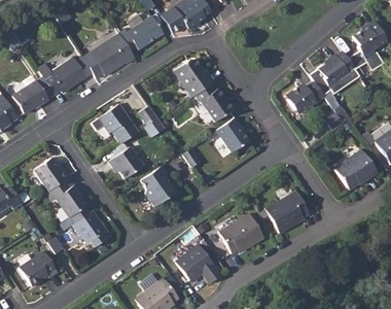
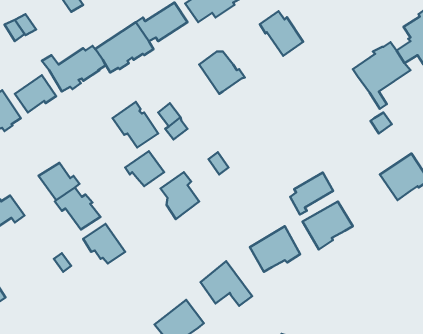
building: [288,80,324,111] -> none
building: [196,82,234,122] -> [260,11,303,56]
building: [217,116,250,151] -> none
building: none -> [290,173,333,215]
building: [19,250,59,286] -> none

